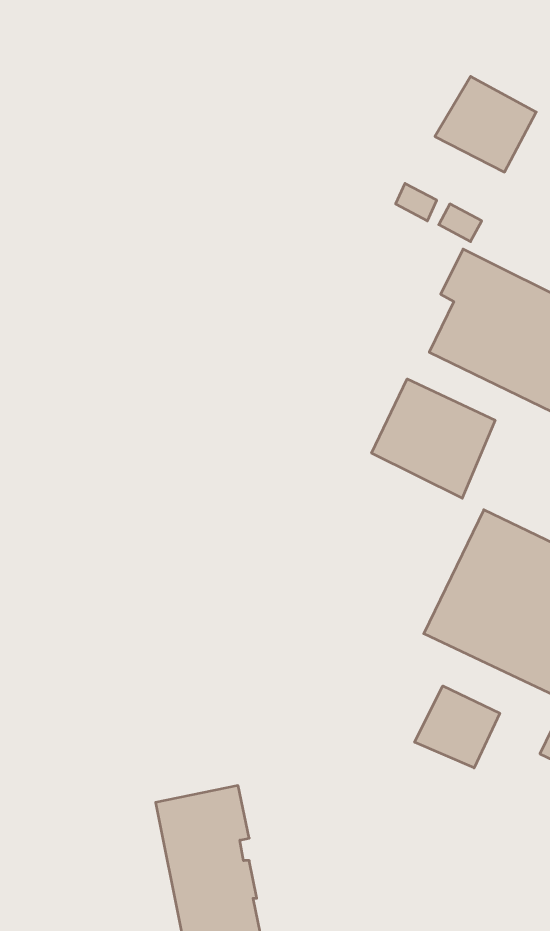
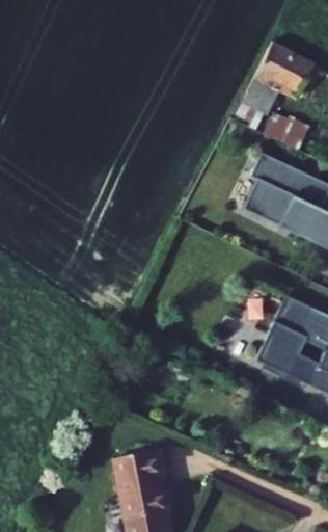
building: [372,379,495,498] -> none
building: [415,686,500,768] -> none

